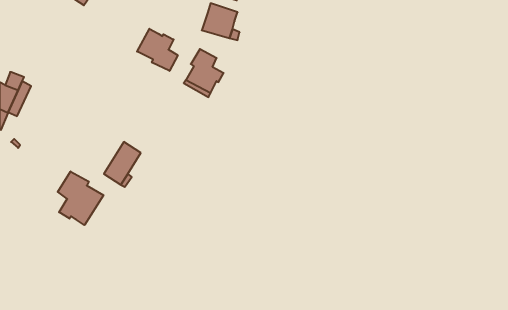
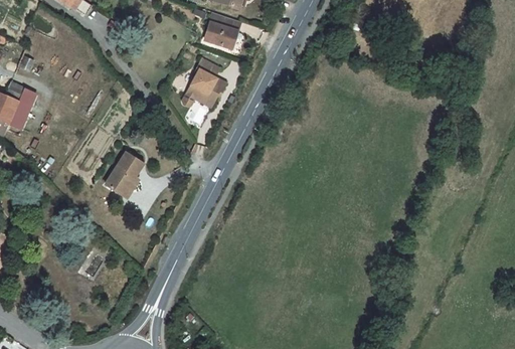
building: [137,29,178,71] -> none
building: [58,171,103,225] -> none

